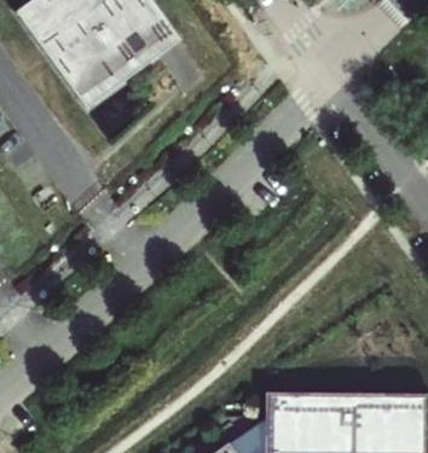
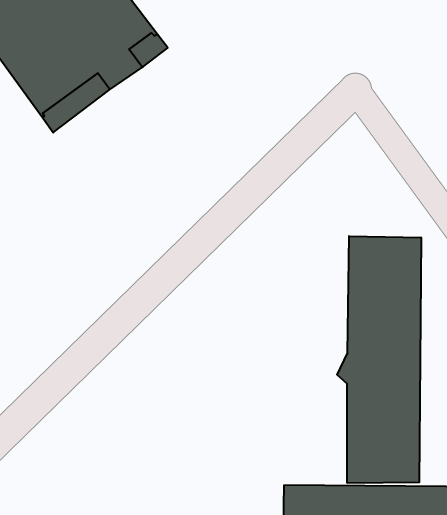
building: none -> [337,236,421,483]

